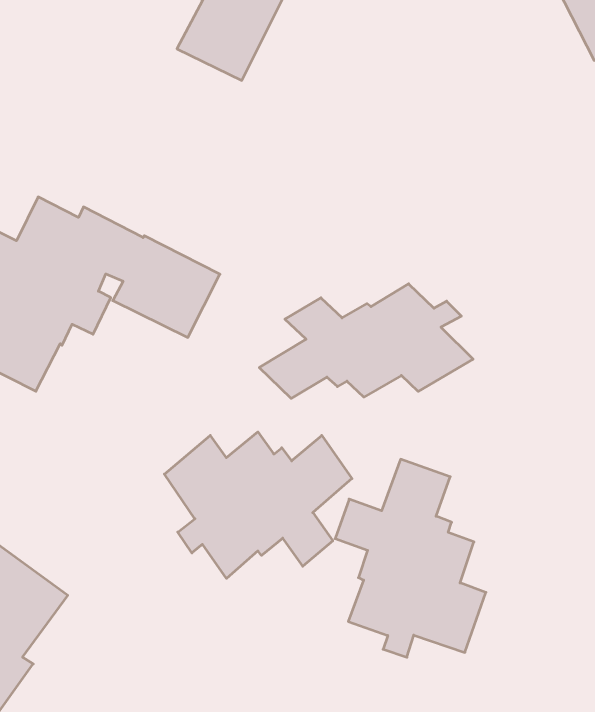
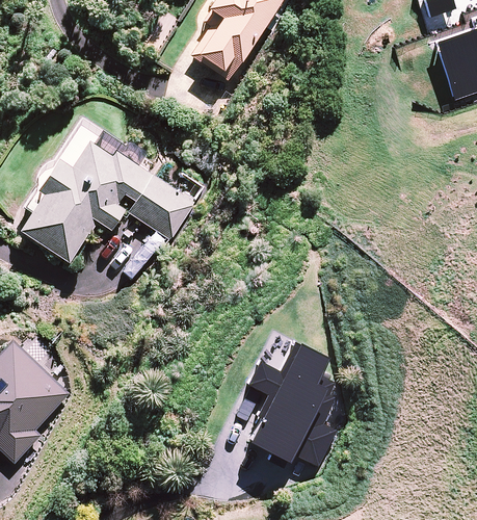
building: [259,284,473,398] -> none
building: [164,432,352,578] -> none

